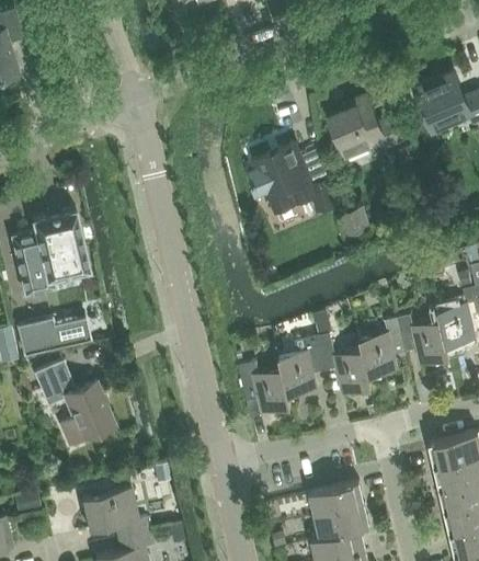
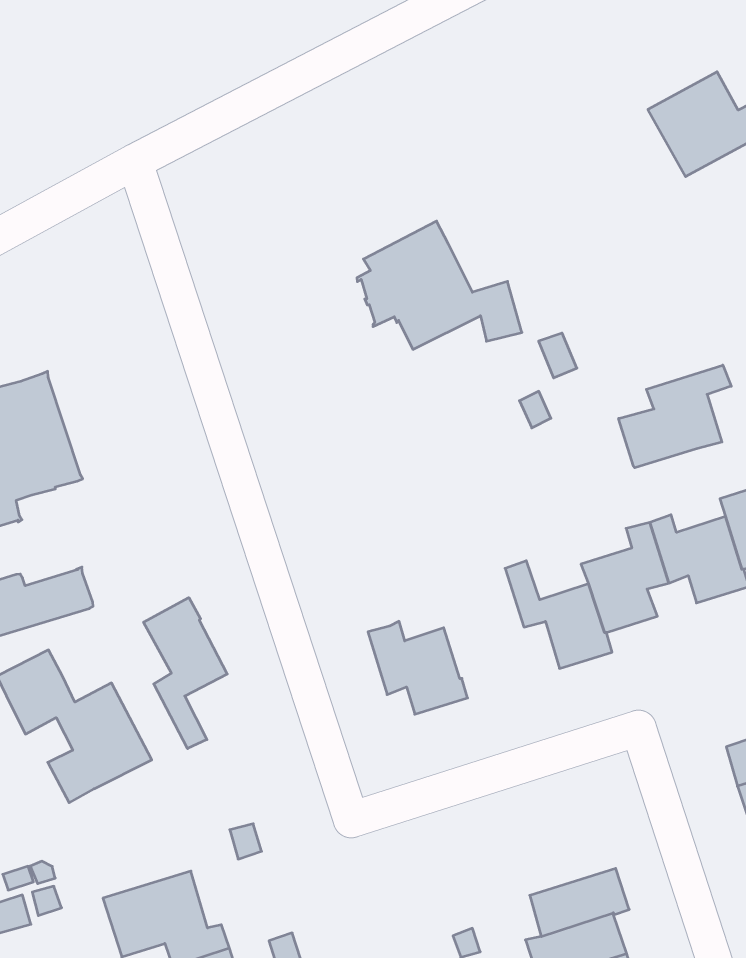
building: [330,100,403,156] -> none
building: none -> [619,365,731,468]
building: [278,336,324,394] -> none
building: none -> [144,598,227,749]
building: [310,482,364,516] -> none

